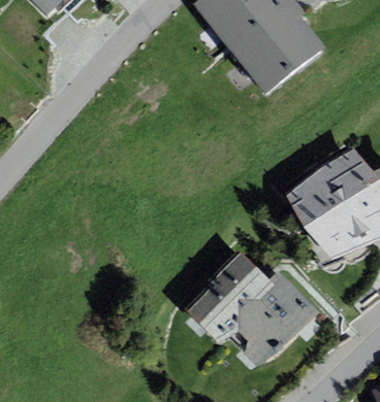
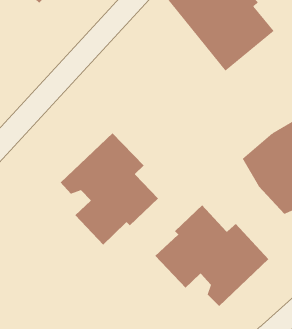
building: none -> [60,133,159,246]

